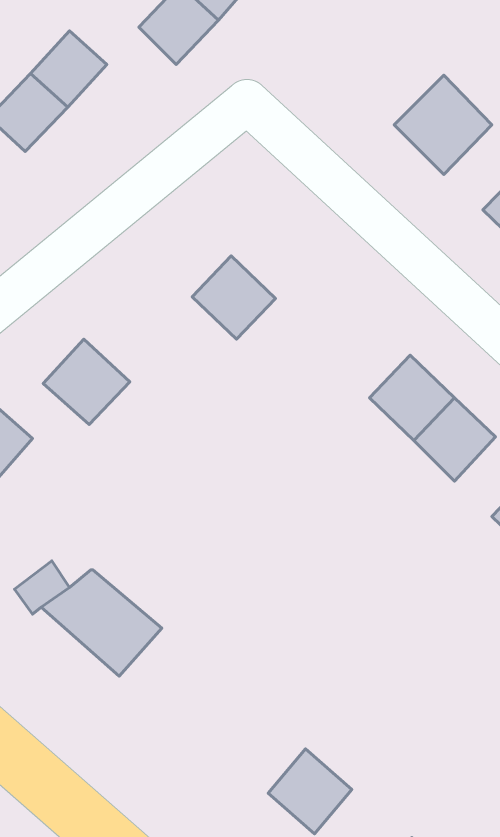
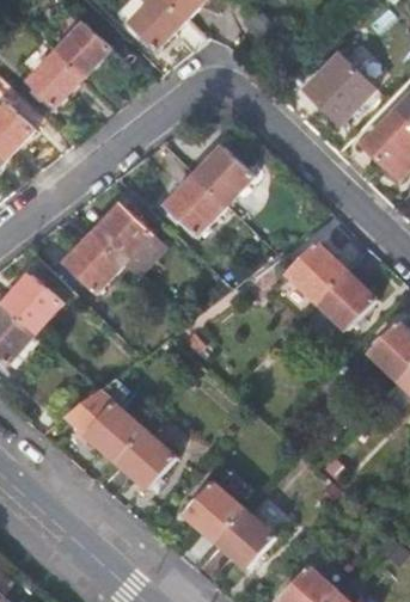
building: none -> [192,146,251,204]
building: none -> [93,202,166,274]
building: none -> [117,426,177,485]
building: none -> [189,483,243,538]

